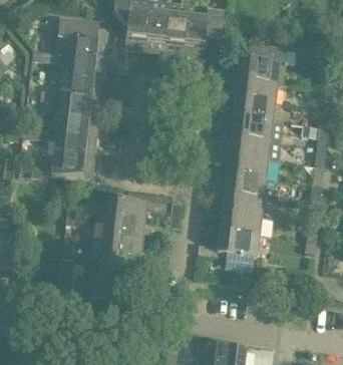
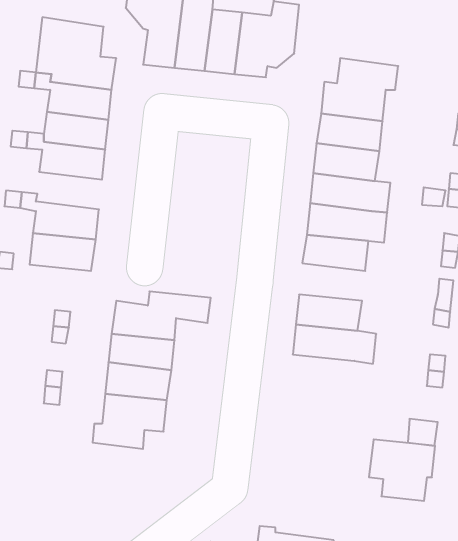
building: [56,115,98,139] -> none
building: [224,173,276,199] -> none
building: [217,232,259,271] -> [369,439,435,501]

